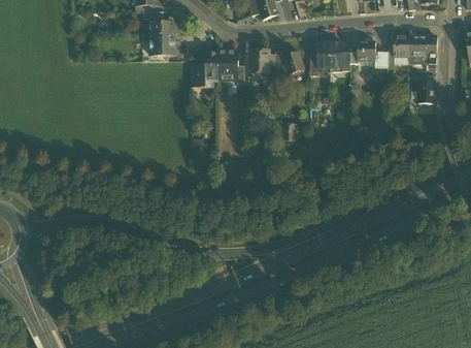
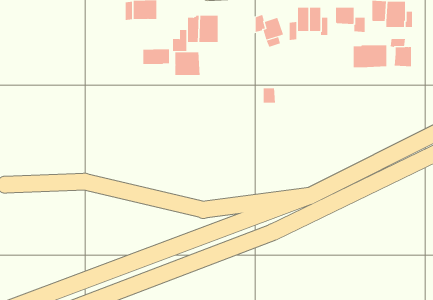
building: [250,51,269,73] -> none
building: none -> [353,44,387,68]
building: none -> [143,48,170,65]
building: none -> [175,52,200,76]

